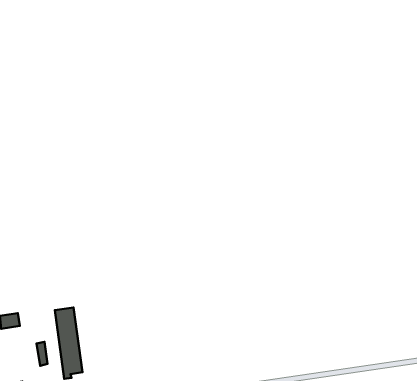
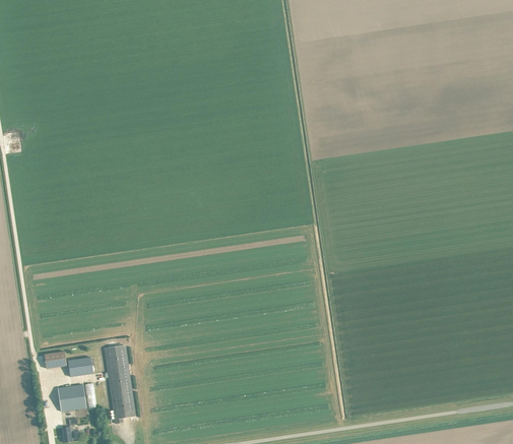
building: none -> [67,357,92,376]
building: none -> [57,384,86,410]

